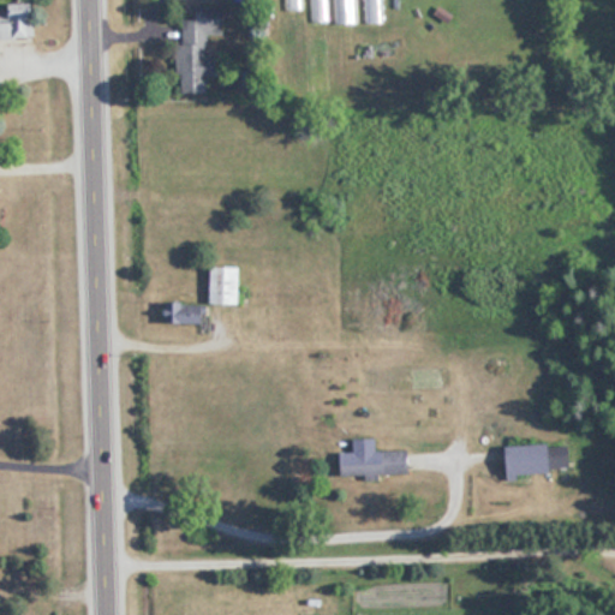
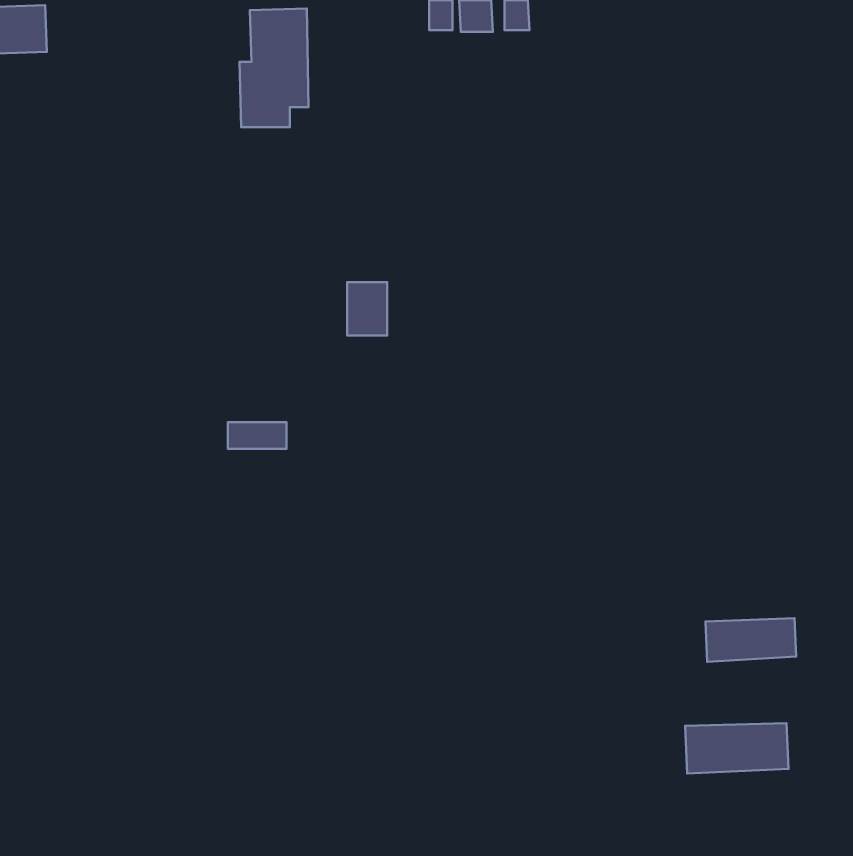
building: [209,265,238,304] -> [347,282,387,336]
building: [340,442,408,476] -> none
building: none -> [685,723,788,773]

